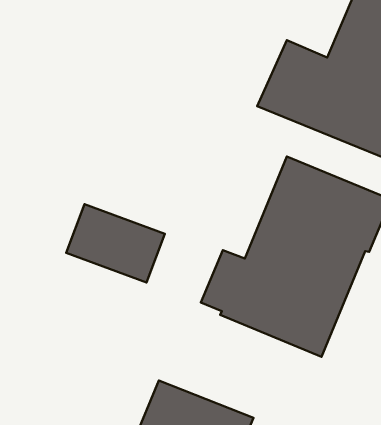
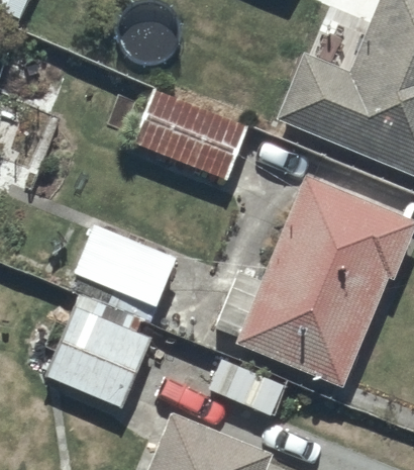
building: none -> [129,86,248,183]
building: none -> [44,307,150,408]

